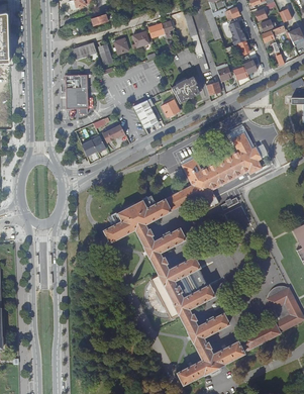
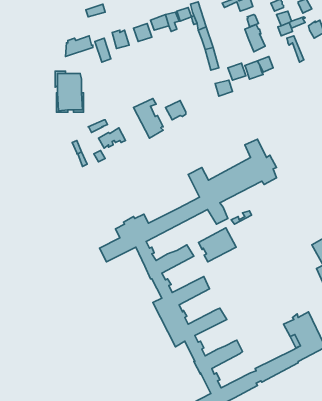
building: [173,77,200,102] -> none
building: [174,268,207,298] -> [199,228,236,262]

